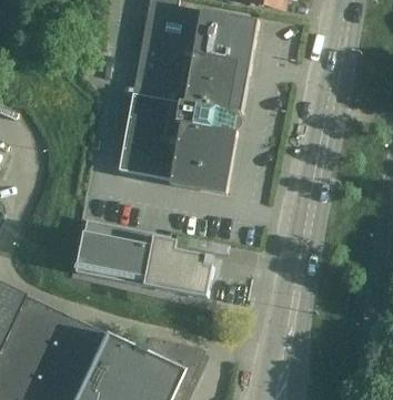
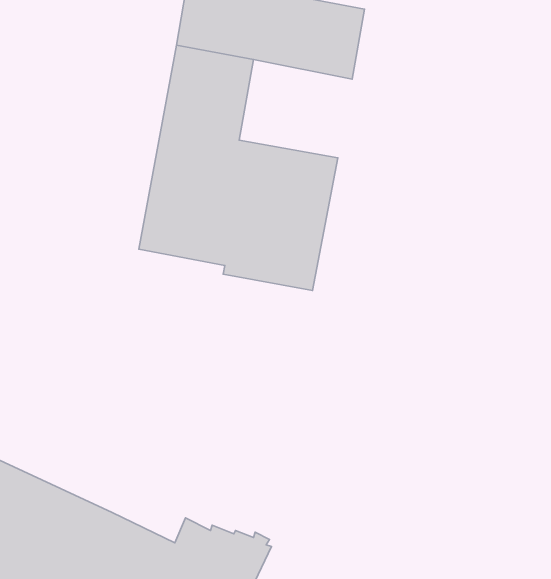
building: [181,52,251,113] -> none
building: [77,222,214,298] -> none

